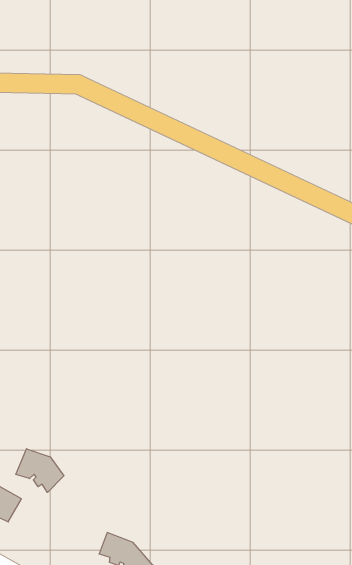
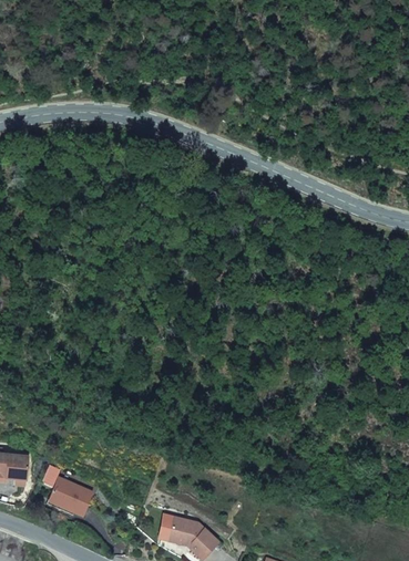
building: [16,449,64,492] -> none

